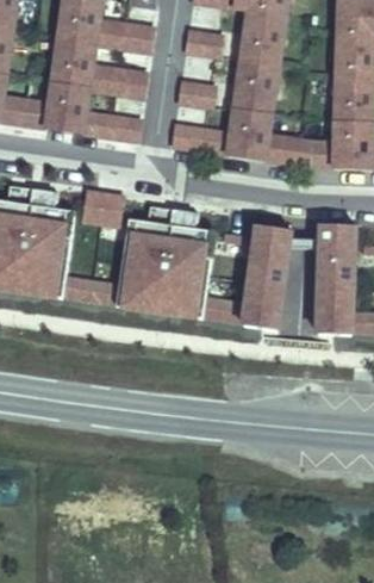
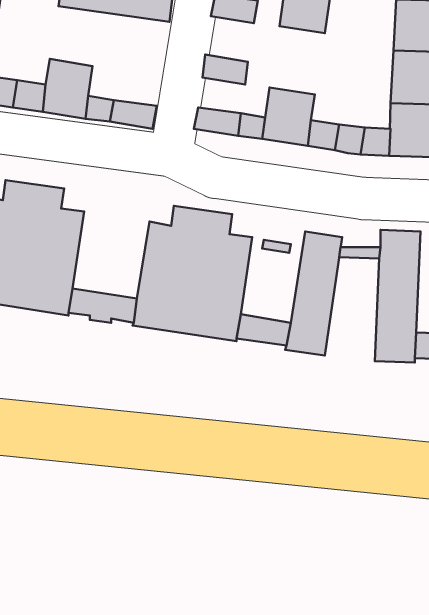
building: [48,38,144,97] -> none
building: [231,55,278,112] -> none
building: [83,191,125,224] -> none

